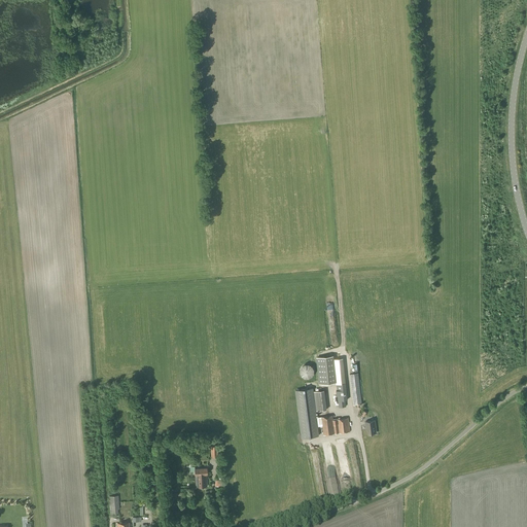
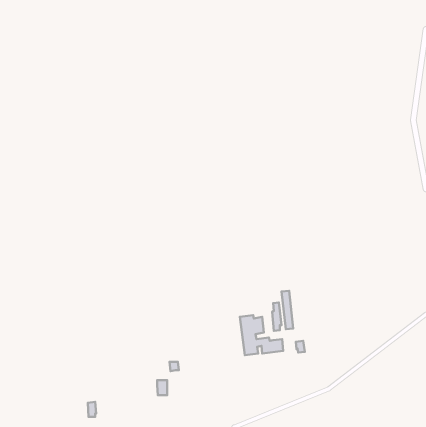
building: [316,356,336,384] -> none

